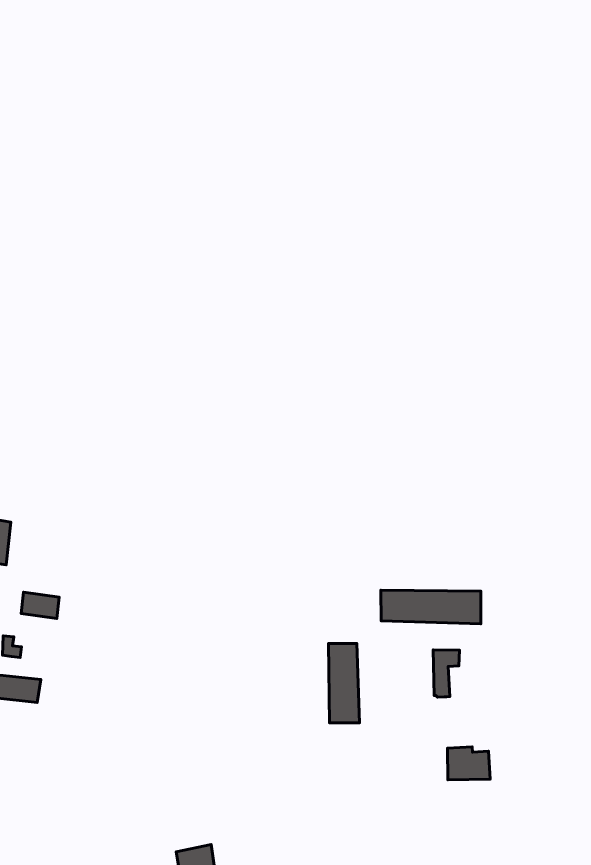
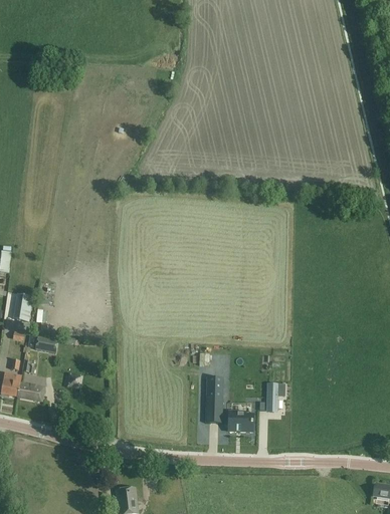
building: [381,590,481,624] -> none
building: [448,747,490,780] -> [227,413,251,432]

